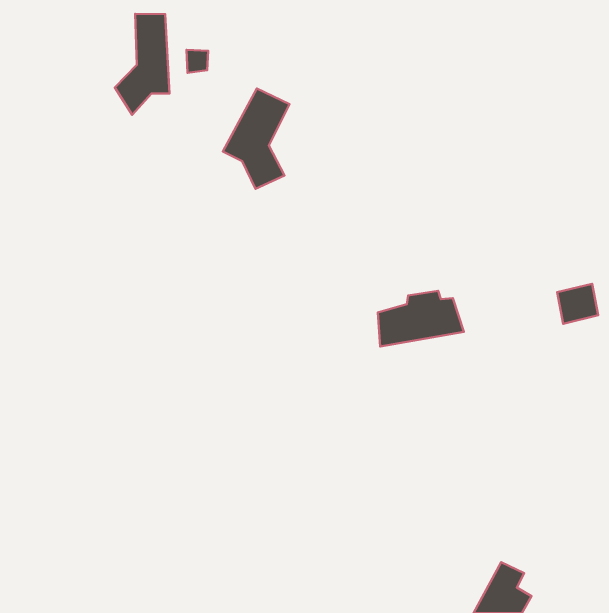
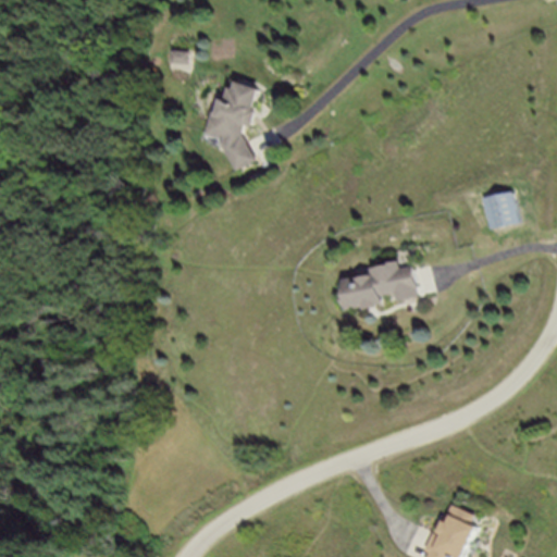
building: [115,14,169,115] -> none
building: [557,284,598,324] -> [482,191,519,227]

